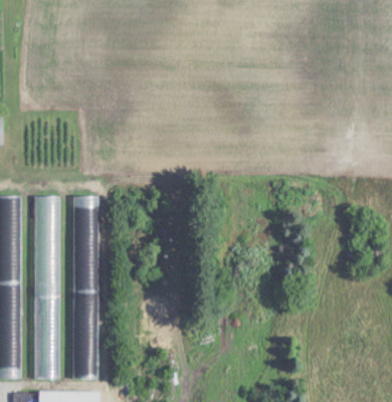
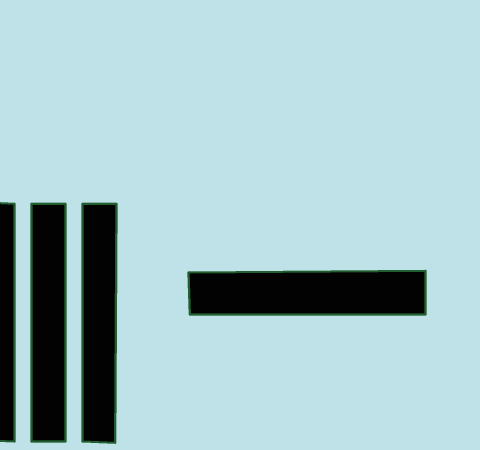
building: none -> [189,271,426,314]

